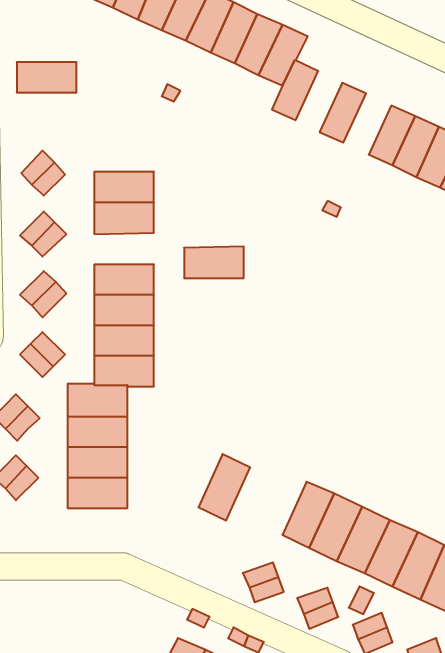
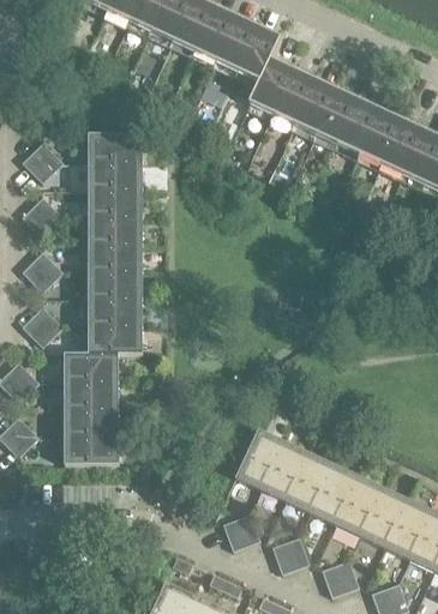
building: [17,62,76,93] -> [88,132,142,159]
building: none -> [270,68,312,124]
building: none -> [313,89,356,144]
building: [184,246,244,278] -> [88,215,142,243]
building: [198,454,250,520] -> [233,428,280,488]

